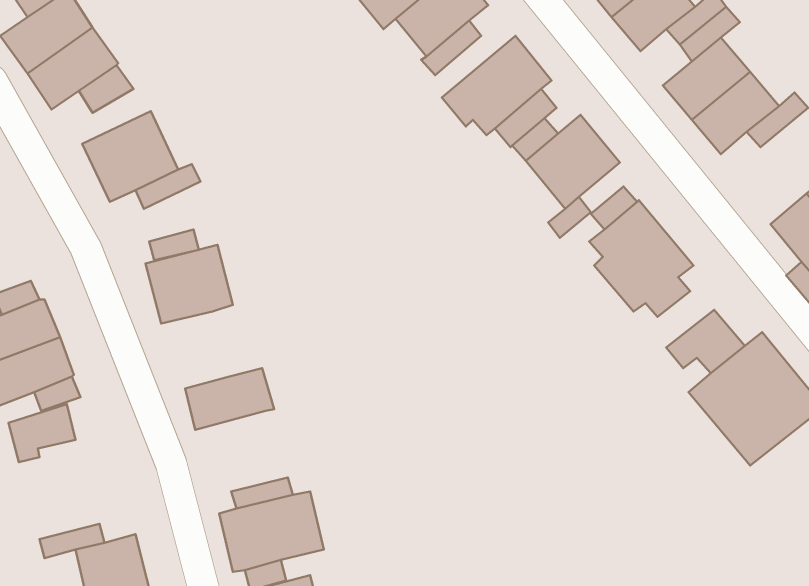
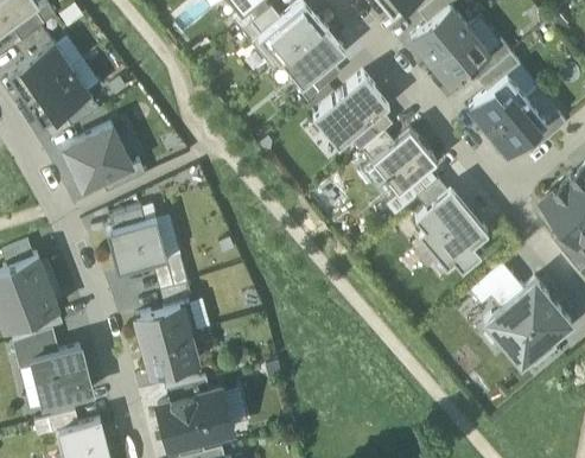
building: none -> [154,257,192,310]
building: none -> [142,333,199,380]
building: none -> [33,348,93,405]

